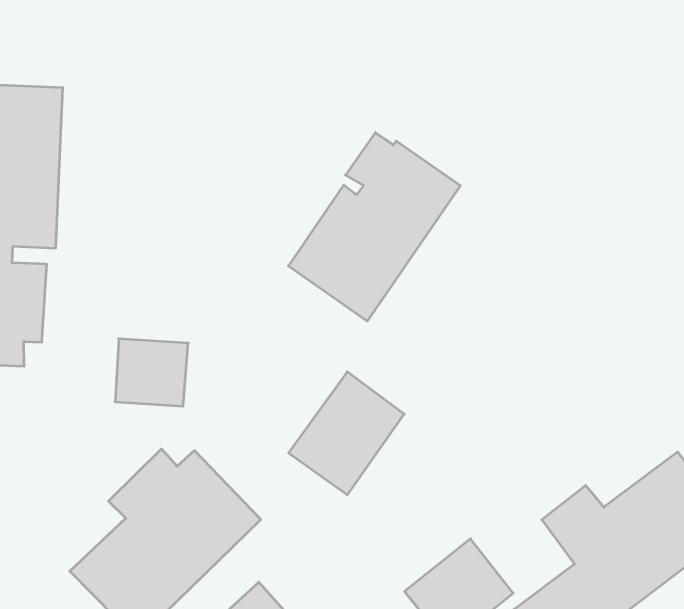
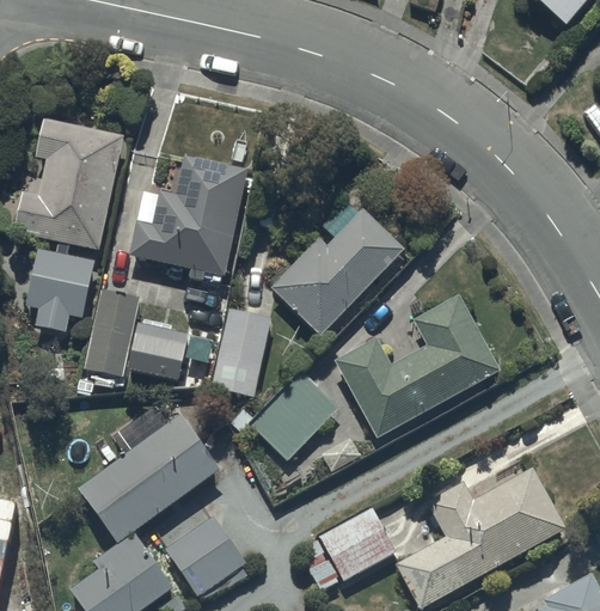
building: none -> [128,154,246,275]
building: none -> [332,292,501,439]
building: none -> [209,307,273,397]
building: none -> [78,289,140,389]

